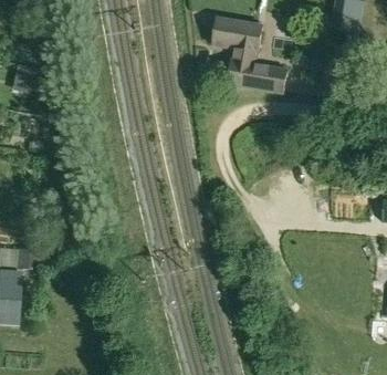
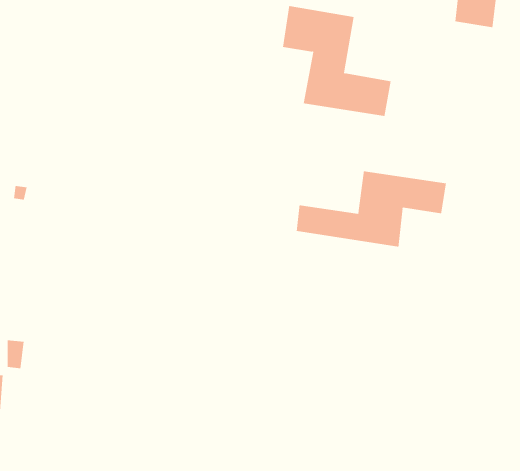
building: none -> [296,171,447,248]

